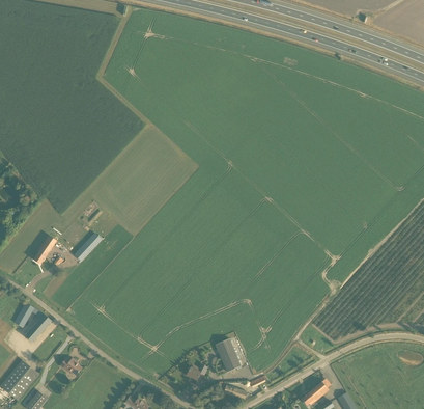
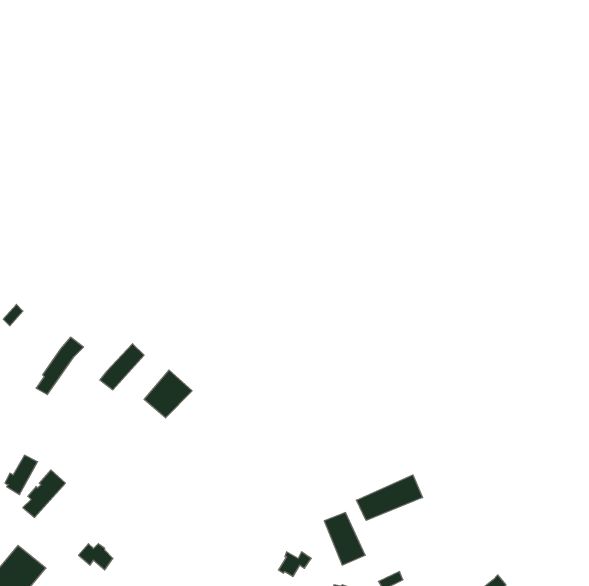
building: none -> [144,370,192,418]
building: none -> [356,475,423,520]

